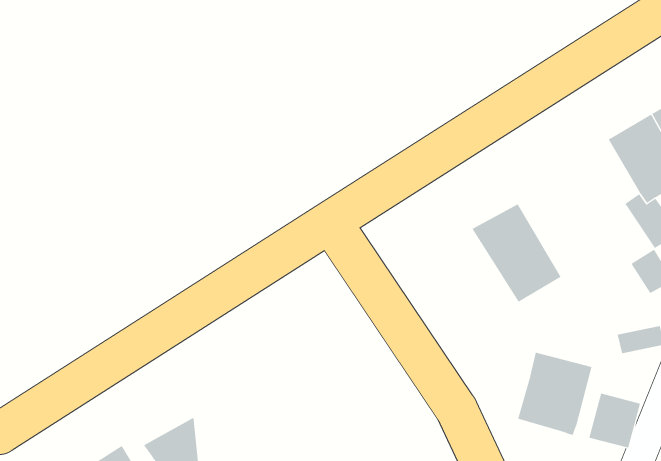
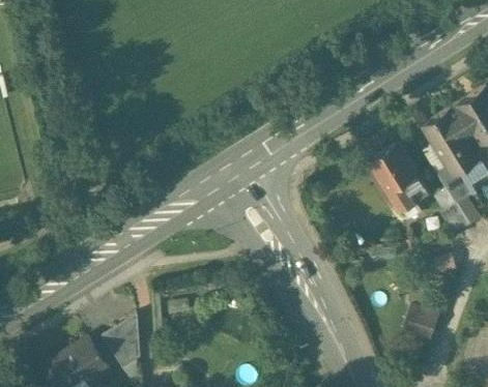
building: [472,203,562,302] -> [367,144,429,212]
building: [518,352,592,436] -> none

